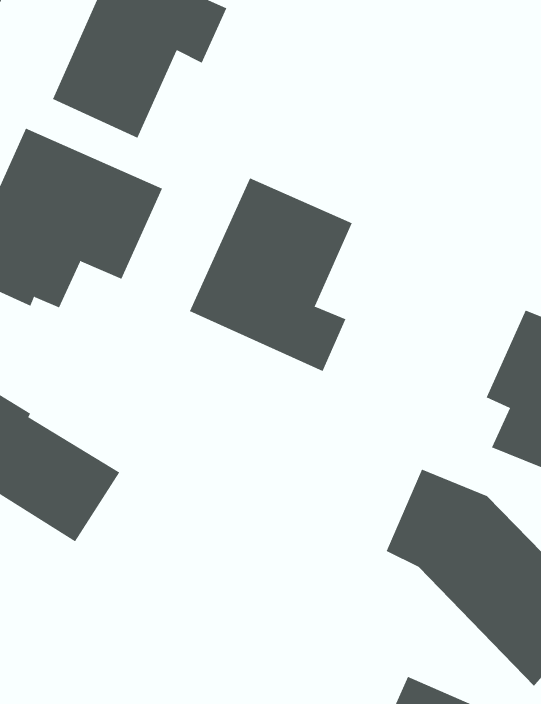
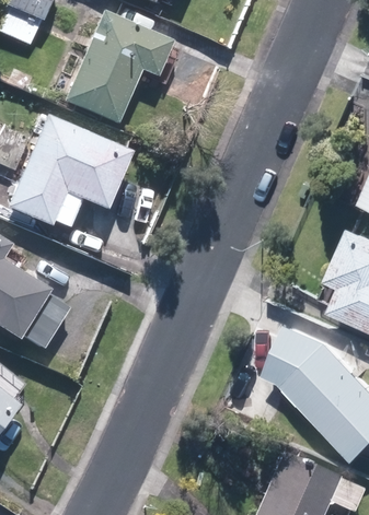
building: [189,178,353,372] -> none

